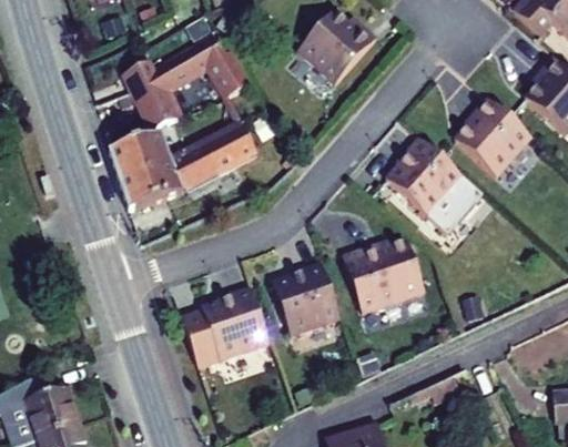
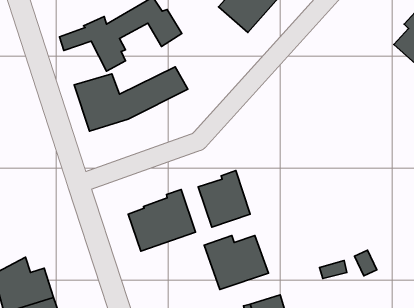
building: [454,96,530,175] -> none
building: [386,136,479,232] -> none
building: [341,242,424,312] -> [204,236,268,290]

